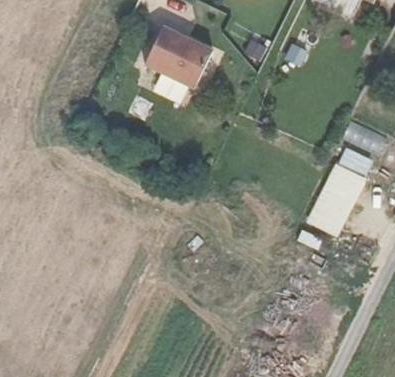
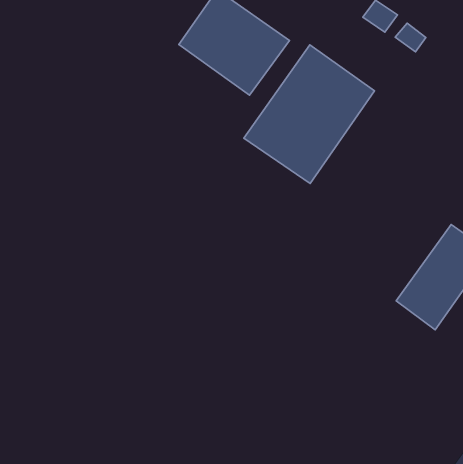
building: none -> [244,45,374,183]

